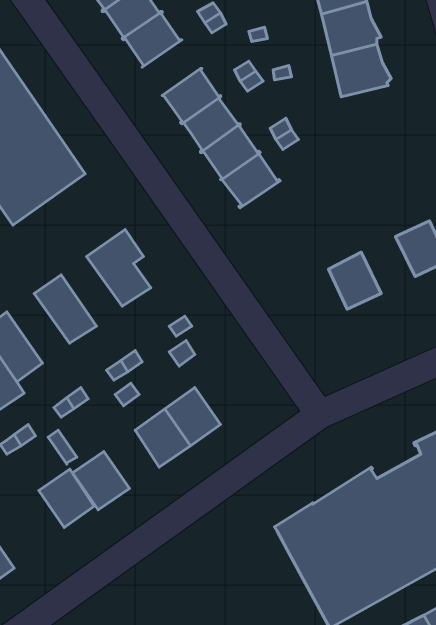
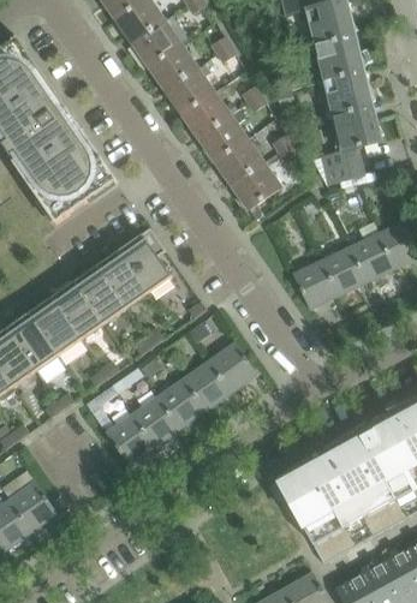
building: none -> [163,67,213,114]
building: none -> [318,106,382,184]
building: none -> [349,233,394,281]
building: none -> [95,250,147,309]
building: none -> [292,261,336,308]
building: none -> [49,281,102,340]
building: none -> [208,342,256,392]
building: [39,469,94,527] -> [131,396,178,446]

